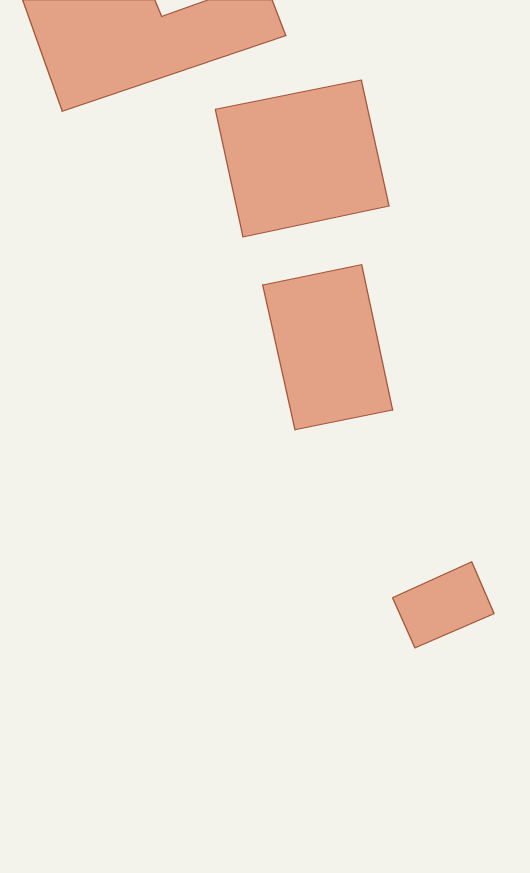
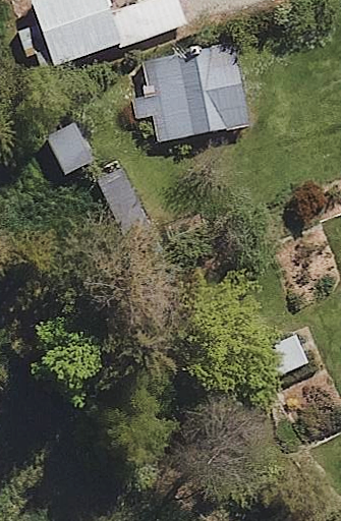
building: [263,265,392,430] -> none

